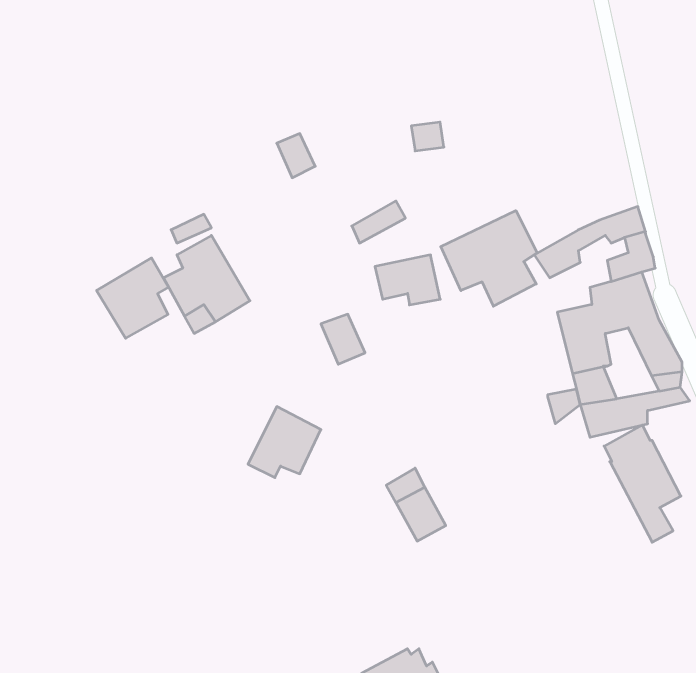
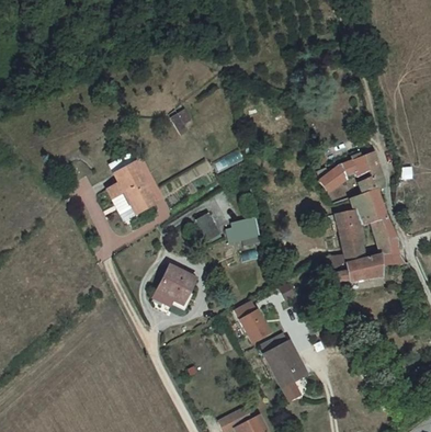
building: [441,211,537,306] -> none
building: [375,255,440,305] -> [225,218,262,247]
building: [97,258,169,338] -> none
building: [604,425,681,542] -> [260,333,304,400]

